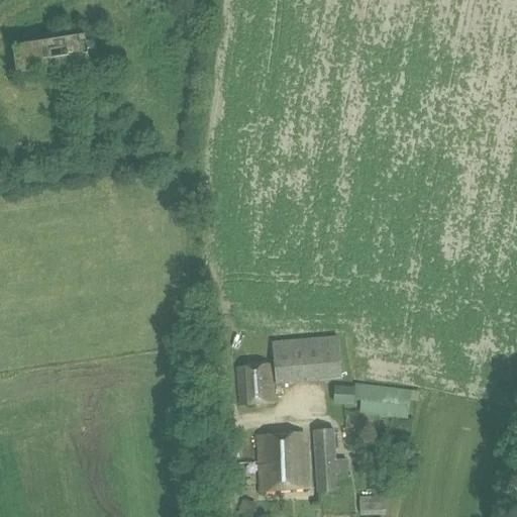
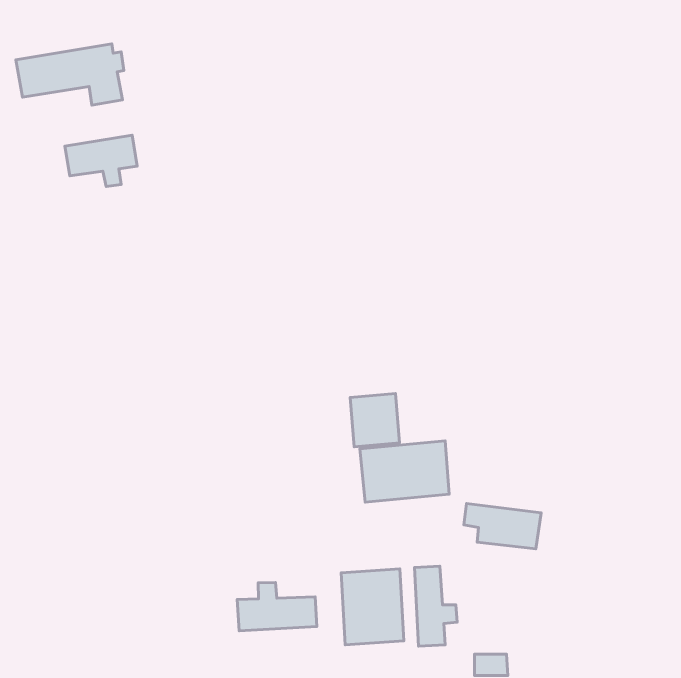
building: none -> [65,135,137,186]
building: [236,363,274,403] -> [350,394,400,447]
building: none -> [237,583,317,631]

